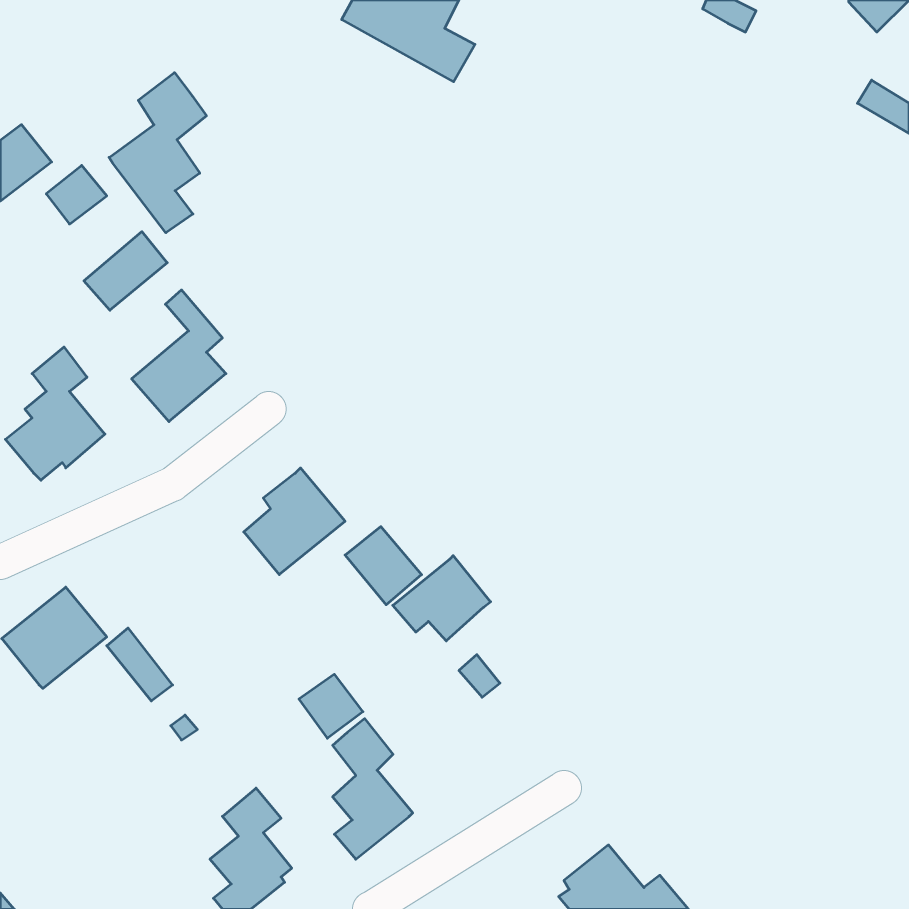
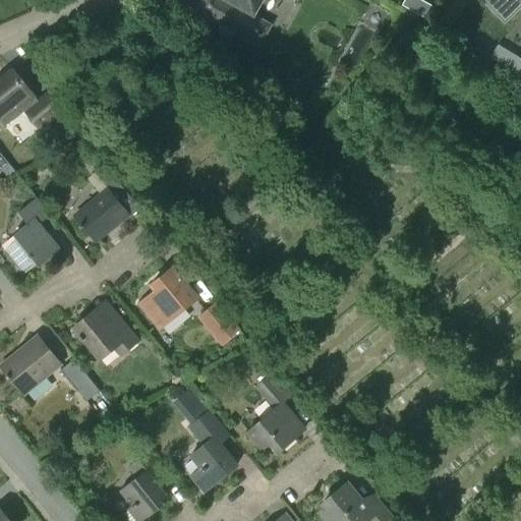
building: [109,73,206,233] -> none
building: [84,232,167,310] -> none
building: none -> [73,301,137,359]
building: [393,556,491,641] -> [248,403,304,452]

